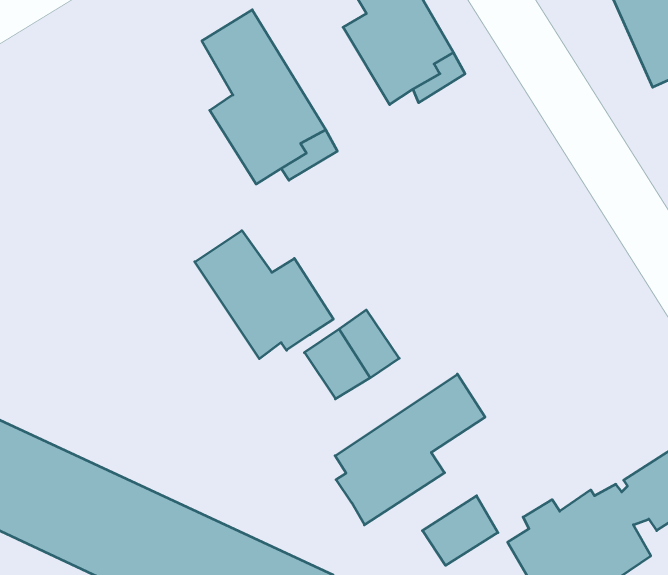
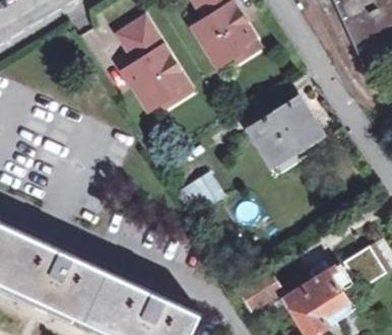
building: none -> [249,97,322,164]
building: [195,231,333,359] -> none
building: [335,374,485,525] -> none

